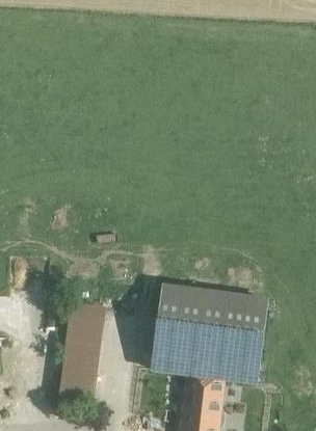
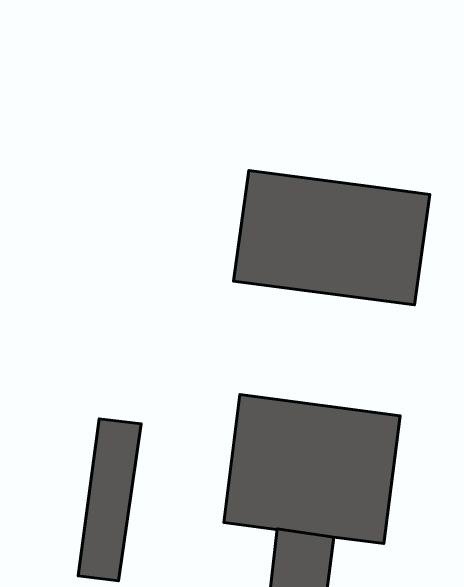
building: none -> [234,171,430,305]

